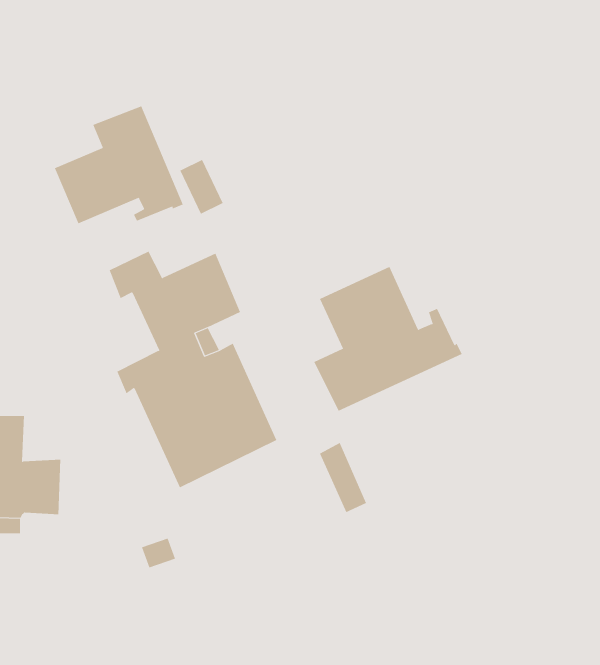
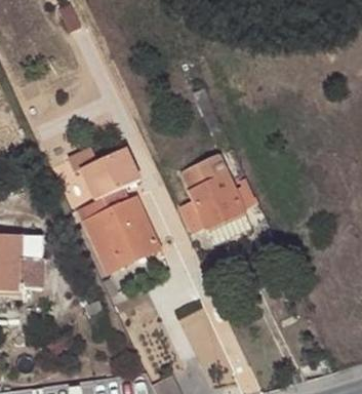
building: [54,105,183,224] -> none

